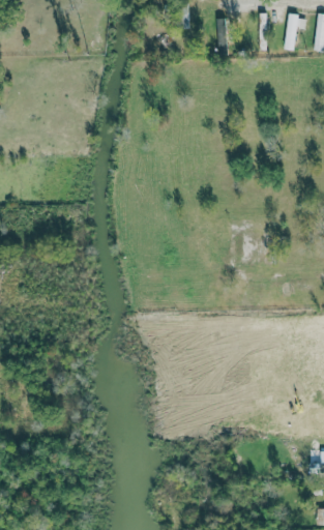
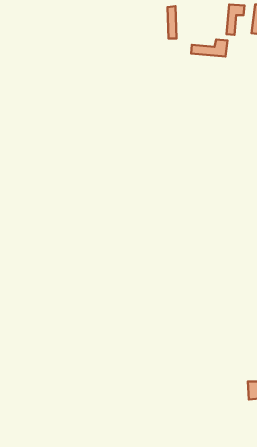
building: none -> [191,39,227,57]

